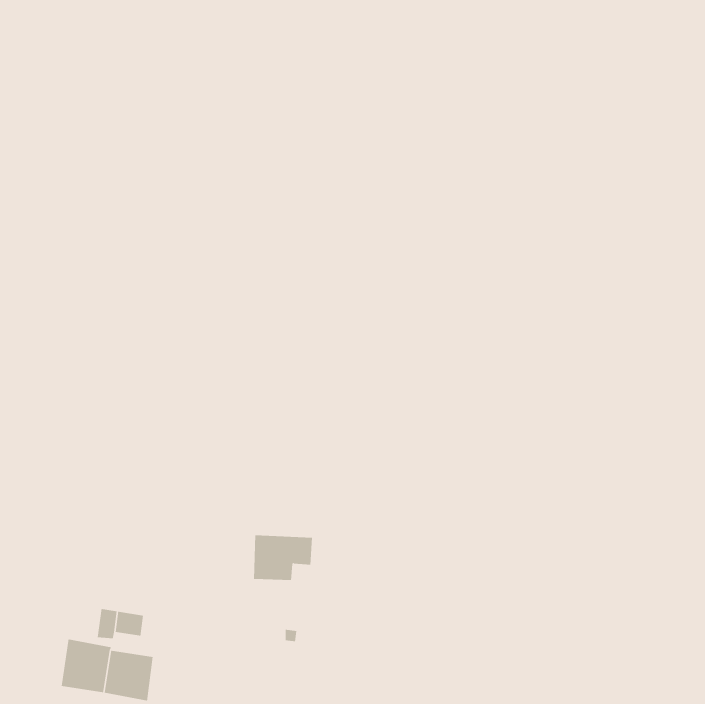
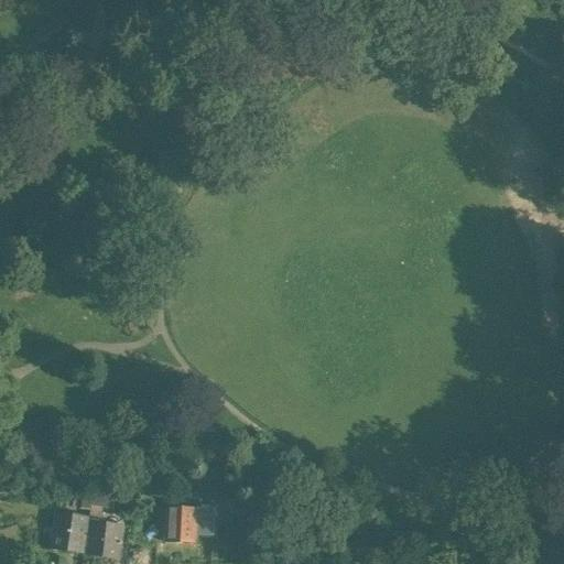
building: [253,535,313,580] -> [164,505,212,541]

